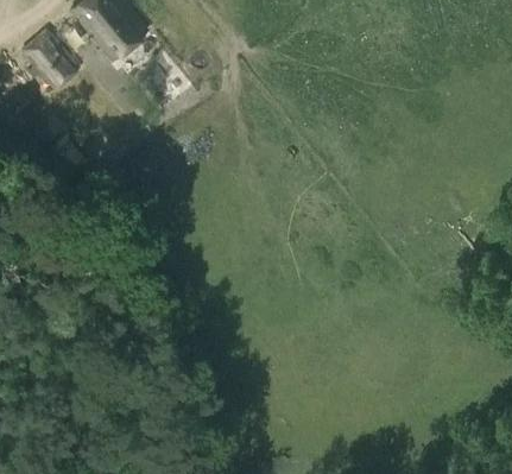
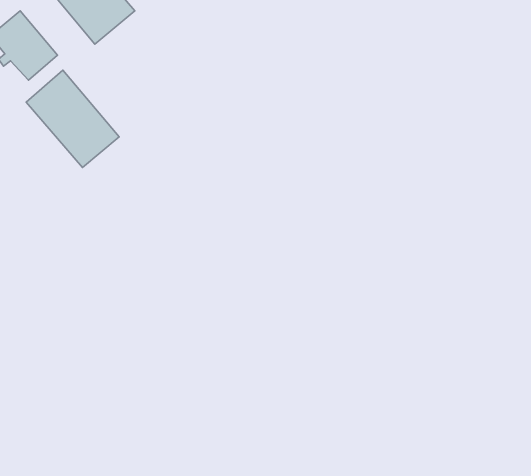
building: none -> [26,70,119,168]

